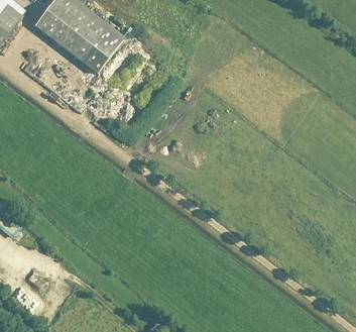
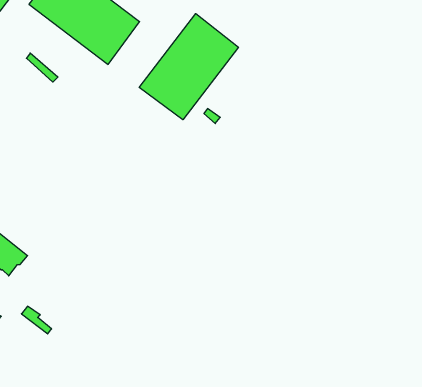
building: none -> [139,14,238,120]

